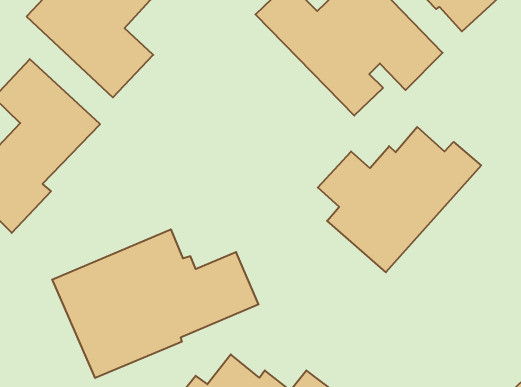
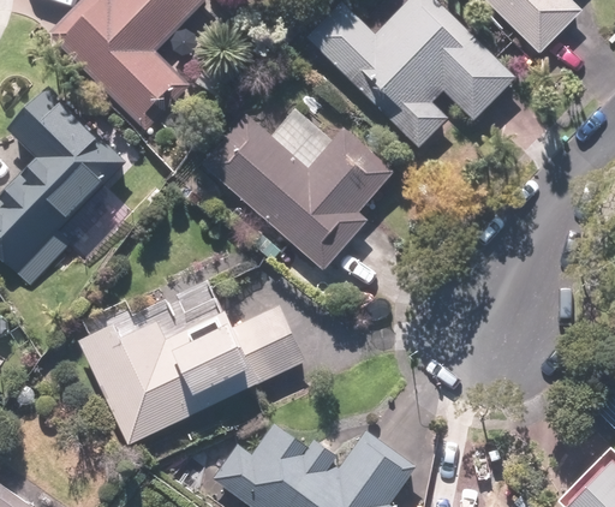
building: none -> [198,111,390,269]
building: [318,127,481,272] -> none

